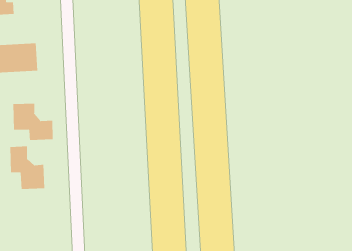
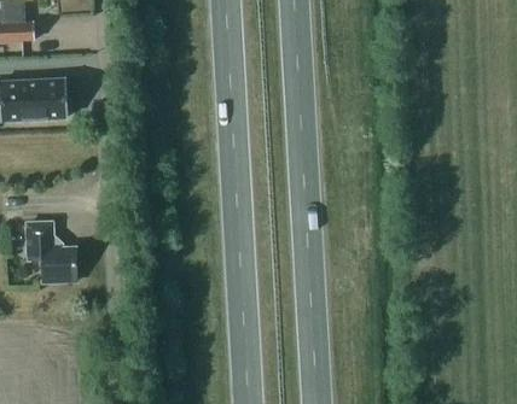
building: [13,103,53,141] -> none

